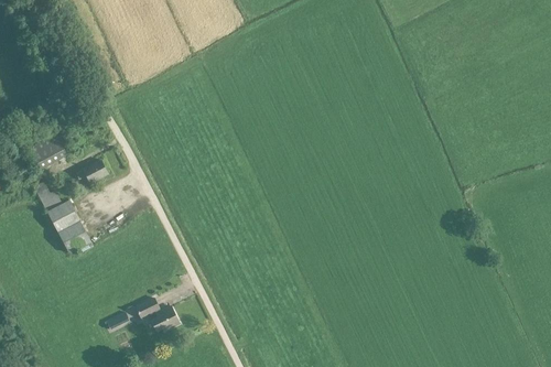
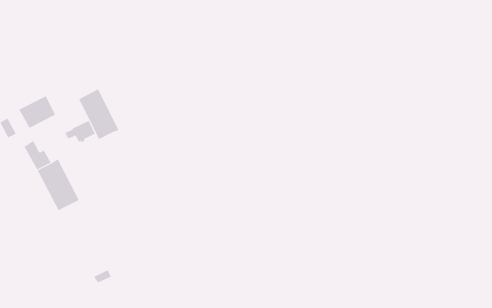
building: none -> [79,89,119,140]
building: [134,298,179,331] -> none

